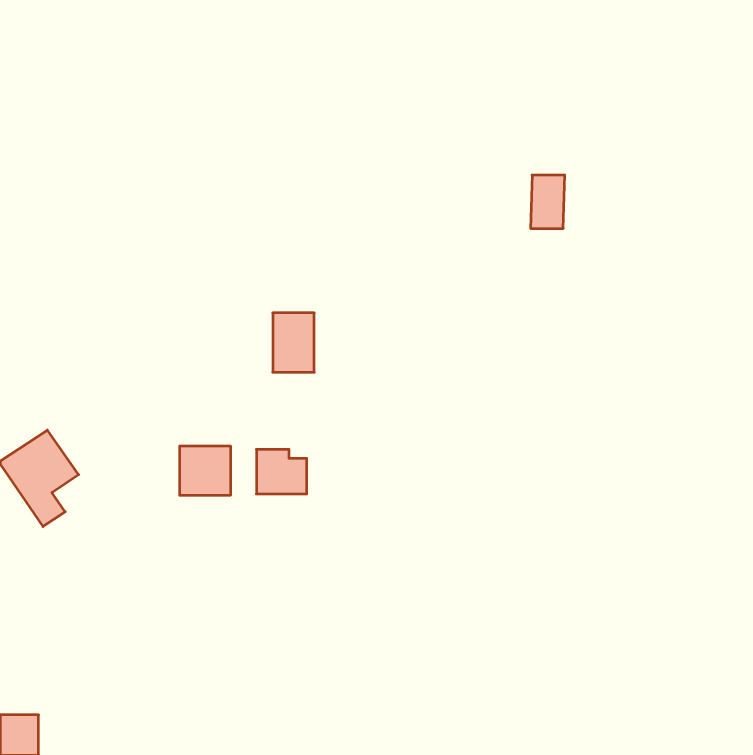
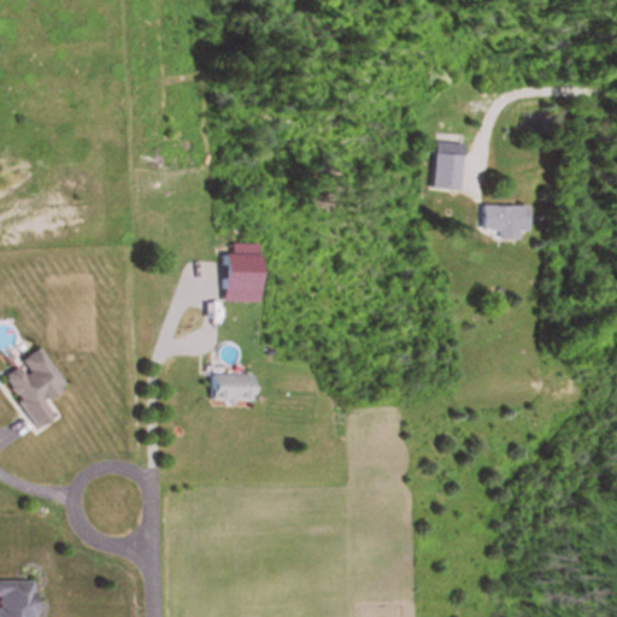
building: none -> [483,205,529,240]
building: [180,446,230,495] -> none

